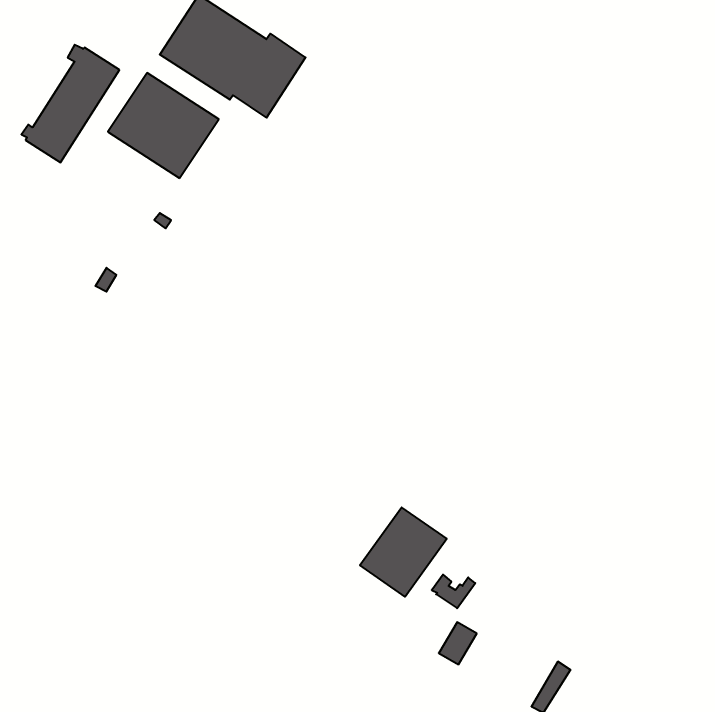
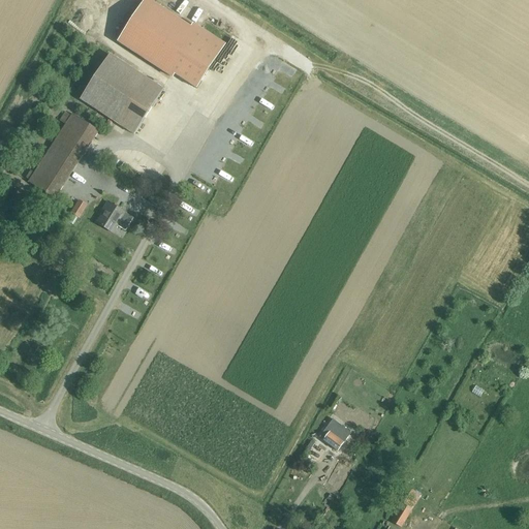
building: [21,45,119,162] -> [25,110,97,196]
building: none -> [95,199,132,230]
building: [360,507,447,597] -> none

